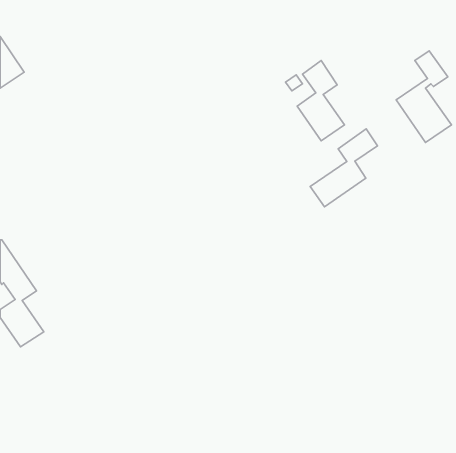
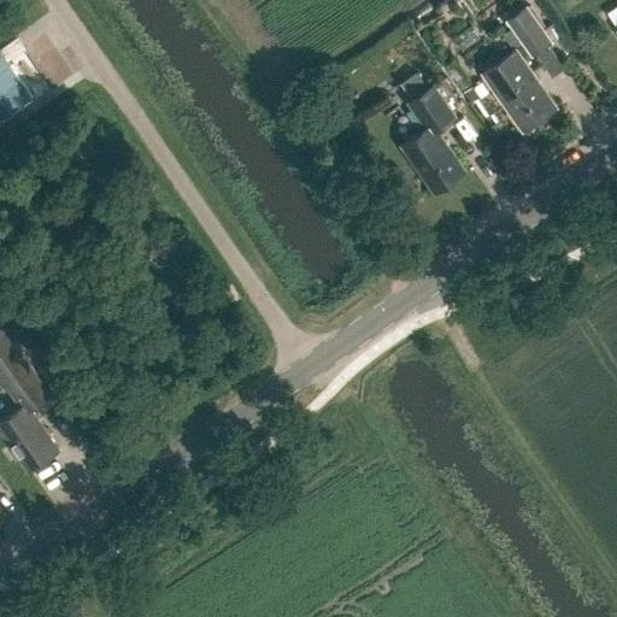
building: [396,51,452,143] -> [482,8,557,133]
building: [310,129,377,207] -> none

